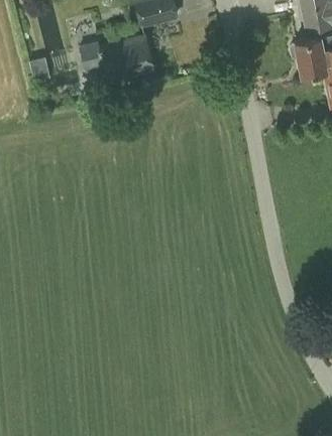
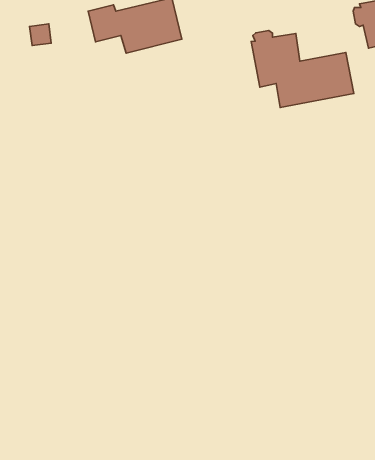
building: none -> [251,31,354,107]

